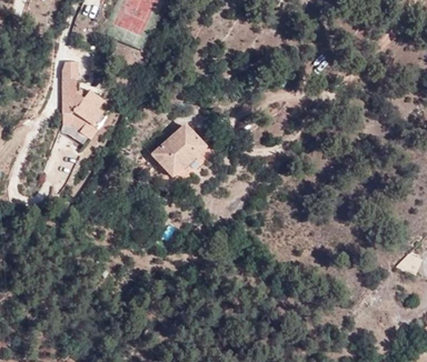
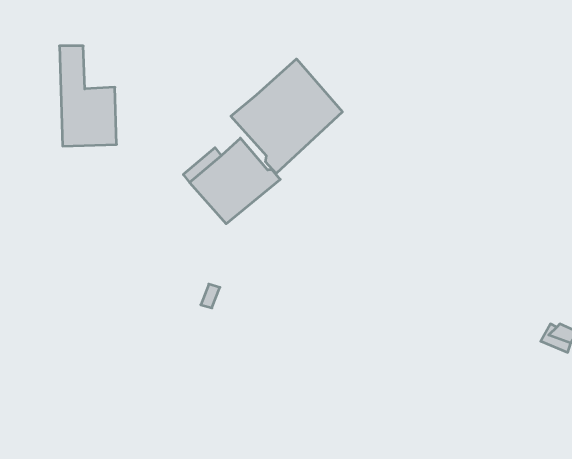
building: none -> [231,59,342,173]

